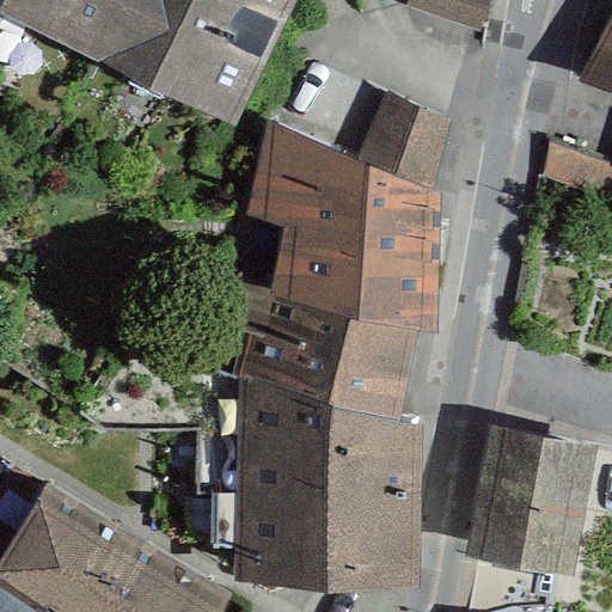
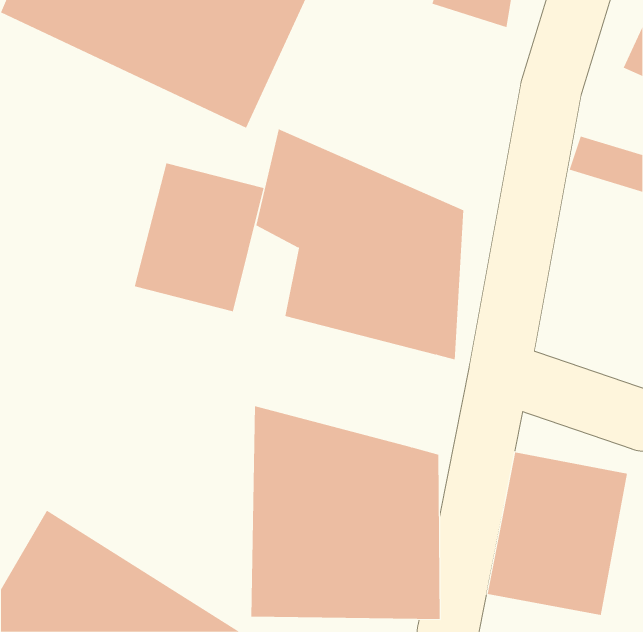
building: [361,92,451,195] -> none
building: none -> [134,162,264,312]
building: [226,294,415,424] -> none

